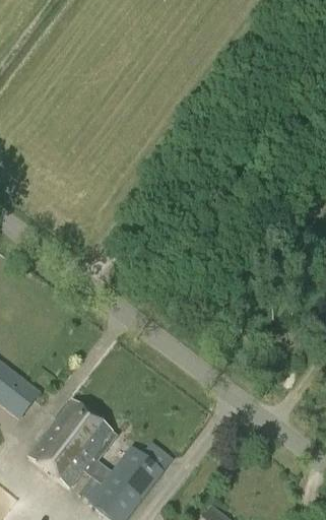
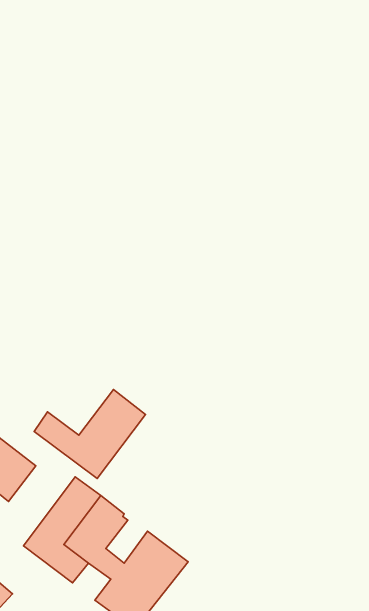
building: none -> [34,389,145,479]

